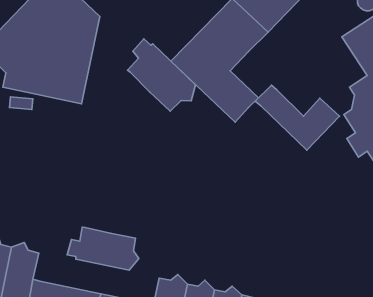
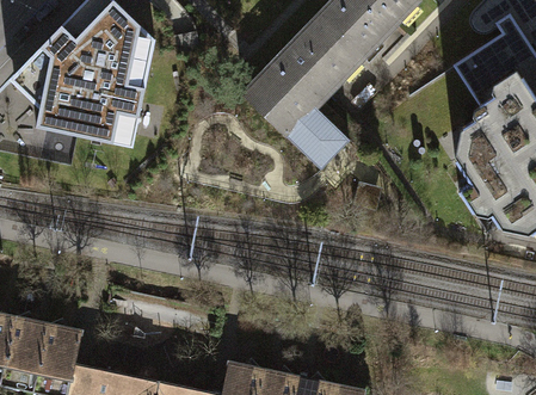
building: [127,39,196,111] -> none
building: [255,85,339,150] -> none
building: [67,227,139,270] -> none

